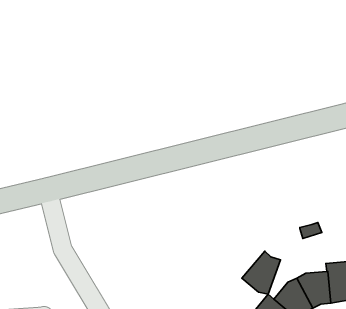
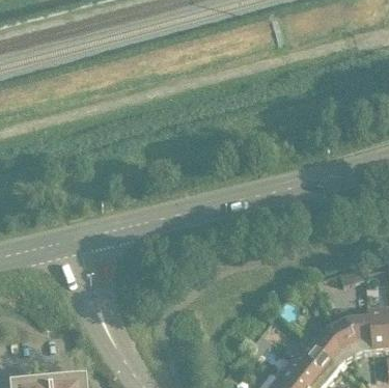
building: [242,251,281,294] -> none

